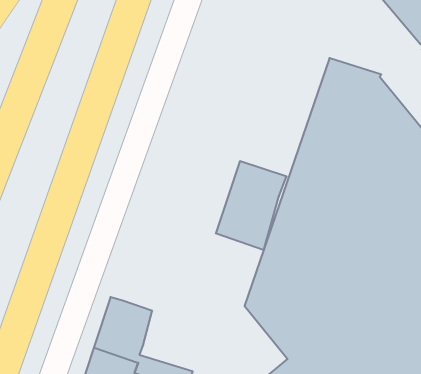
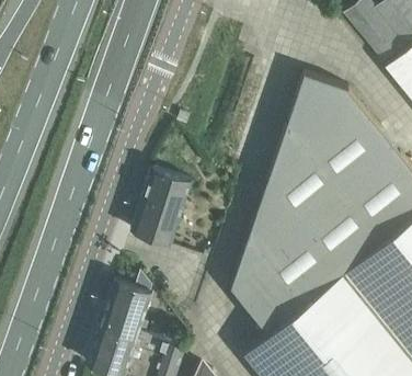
building: [216,161,287,250] -> [130,170,192,247]

